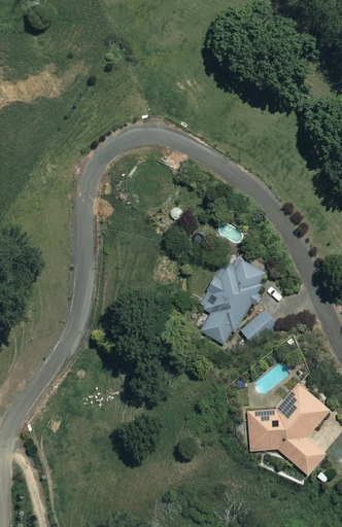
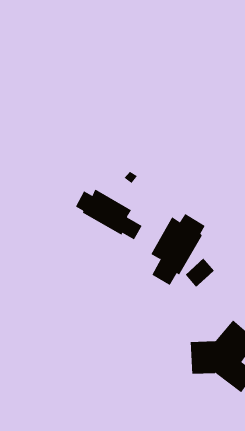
building: none -> [75,189,142,240]

